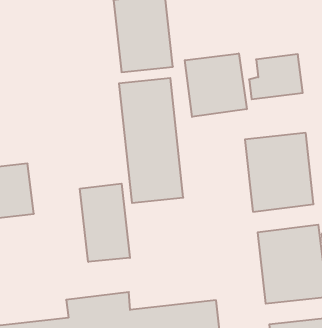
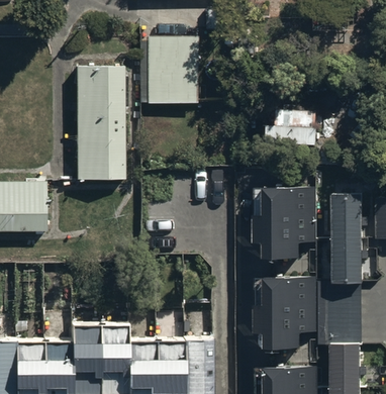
building: [185,53,247,117] -> none
building: [119,78,183,203] -> [73,66,124,182]
building: [80,184,130,262] -> none

